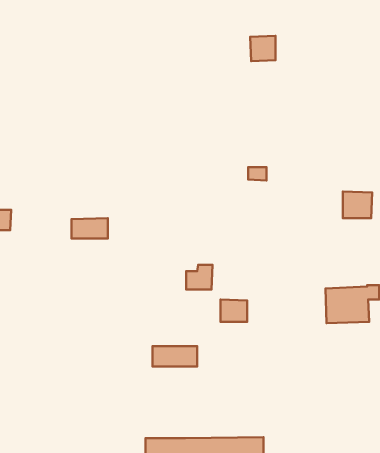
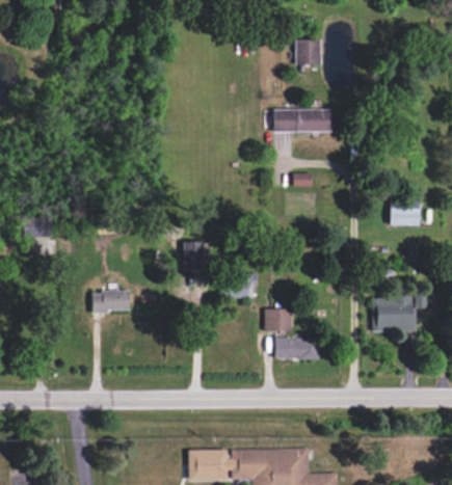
building: none -> [273,109,331,132]
building: [71,218,108,238] -> [92,291,130,312]
building: none -> [183,241,204,270]
building: [153,346,197,366] -> [274,339,320,359]

